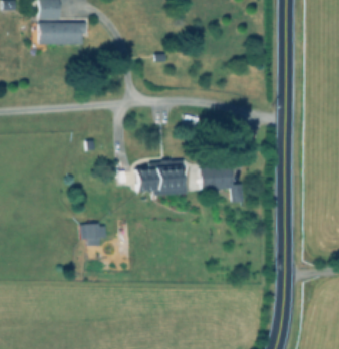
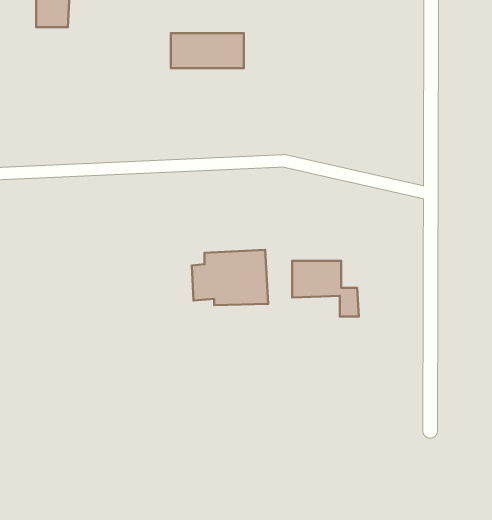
building: [39,22,85,44] -> [171,33,244,68]
building: [82,224,107,246] -> none

